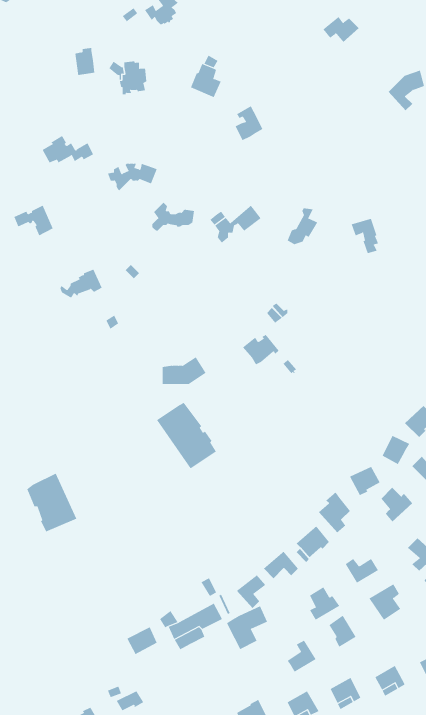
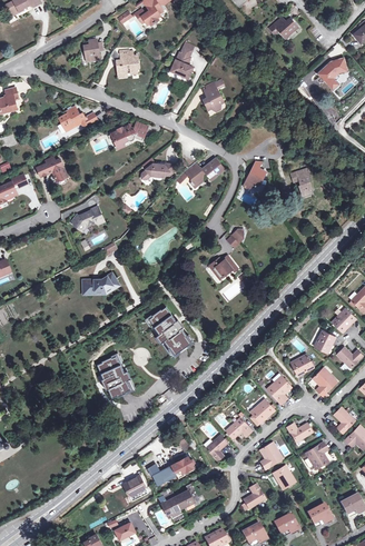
building: [162,356,207,385] -> [86,271,119,292]
building: [27,473,77,532] -> [96,353,134,397]
building: [226,605,268,650] -> [162,489,194,523]

